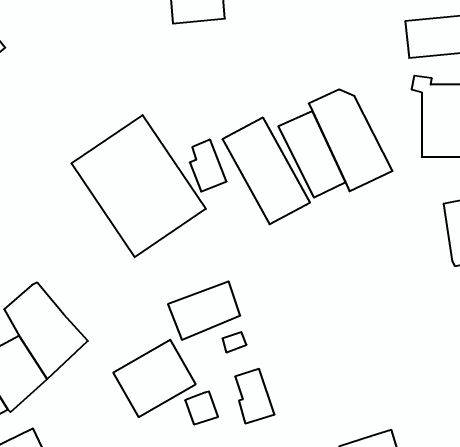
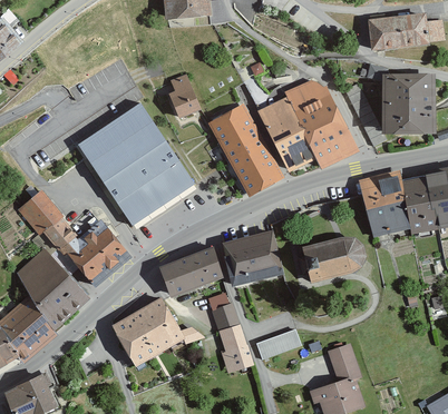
building: [190,140,227,192] -> [168,73,201,119]
building: none -> [358,170,409,237]
building: none -> [17,189,130,288]
building: none -> [222,230,283,287]
building: none -> [301,236,367,282]
building: none -> [253,327,299,357]
building: none -> [327,341,361,383]
building: [185,391,218,424] -> [211,302,240,331]

